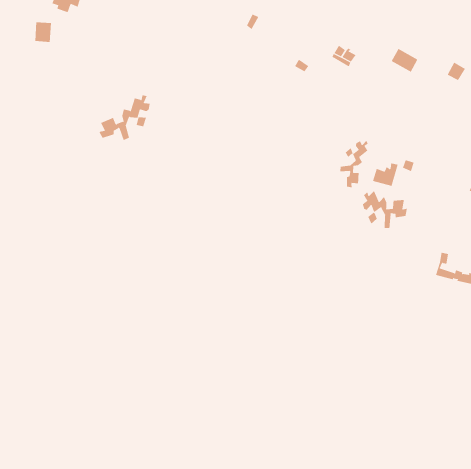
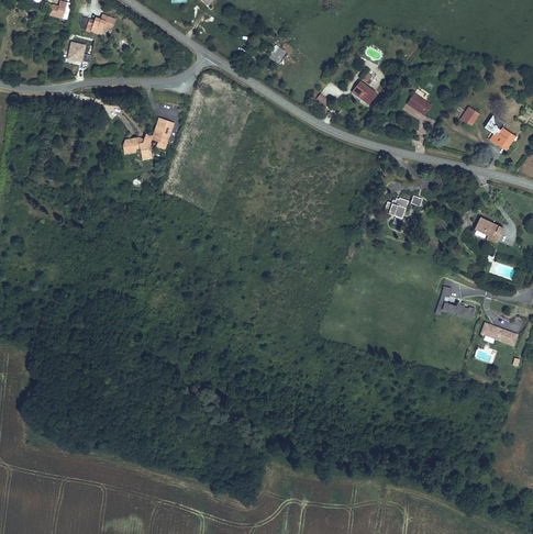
building: [340,140,368,188] -> none
building: [362,190,408,229] -> none

